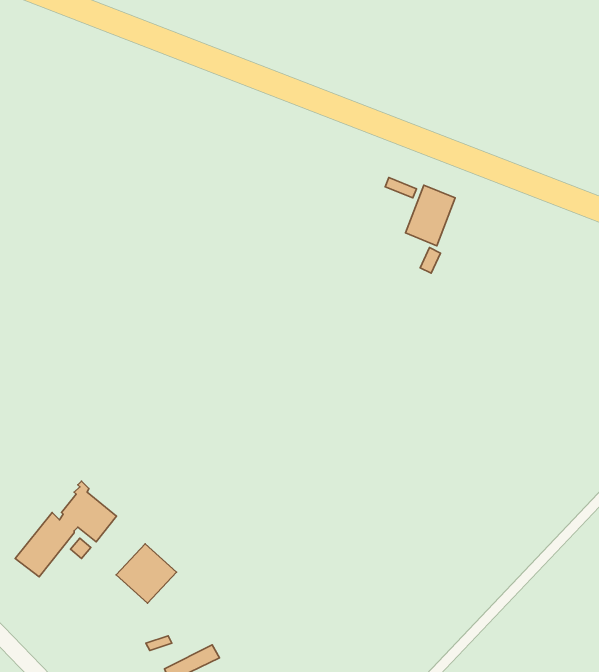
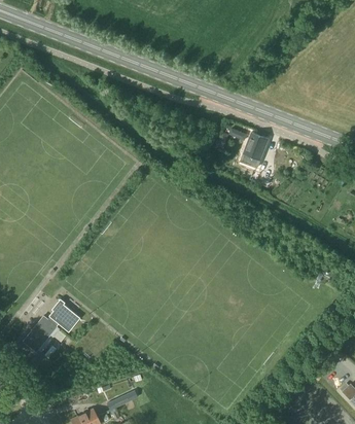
building: [116,544,177,603] -> none

